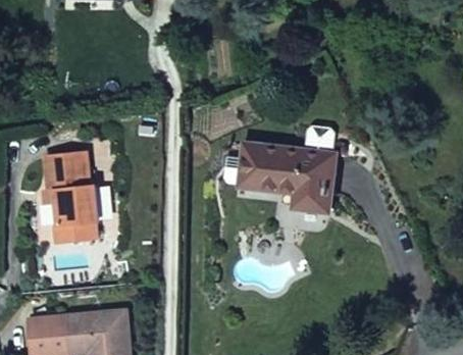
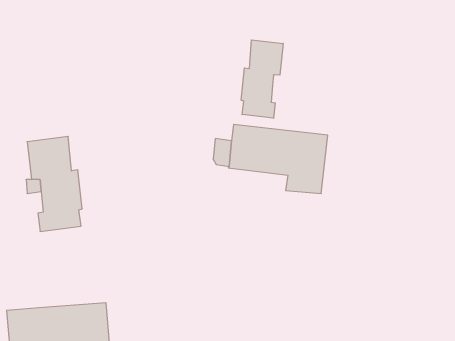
building: none -> [241,40,283,118]

